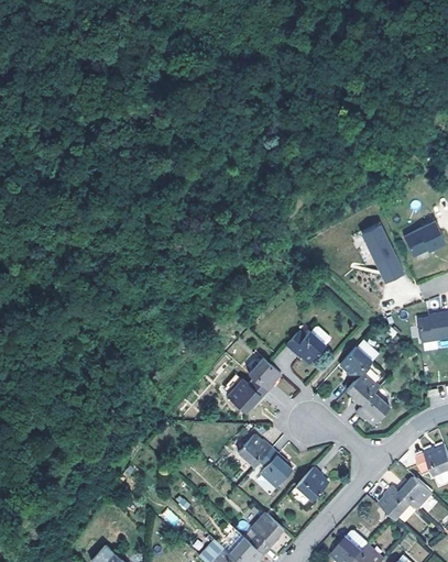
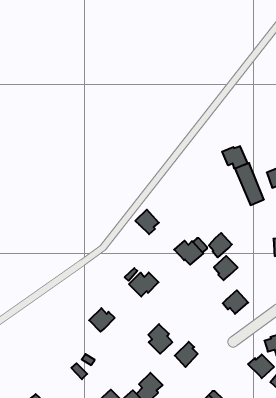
building: none -> [222,146,248,169]
building: [249,356,281,389] -> [135,210,159,234]
building: [348,373,379,406] -> [209,233,232,257]
building: [239,433,273,465] -> [89,308,115,332]
building: [380,486,412,521] -> none

